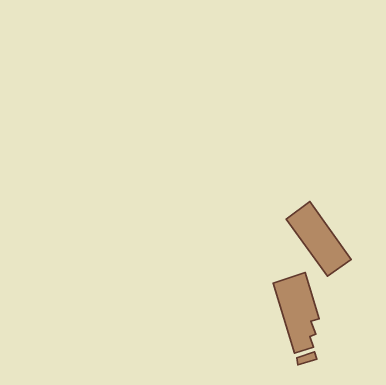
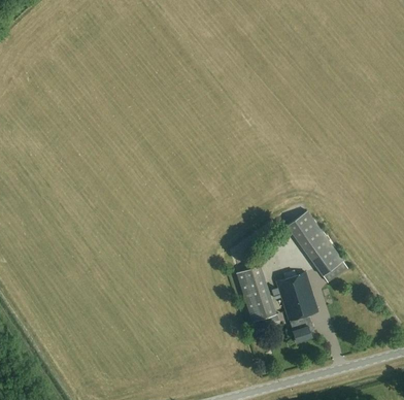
building: none -> [236,267,275,323]

